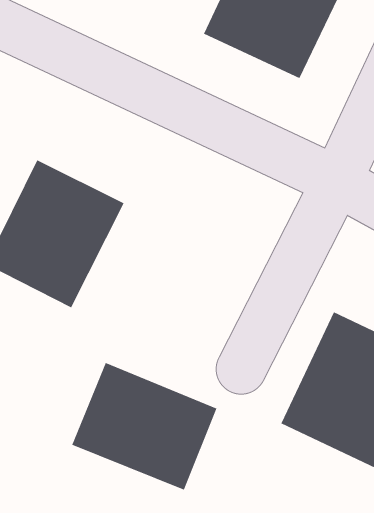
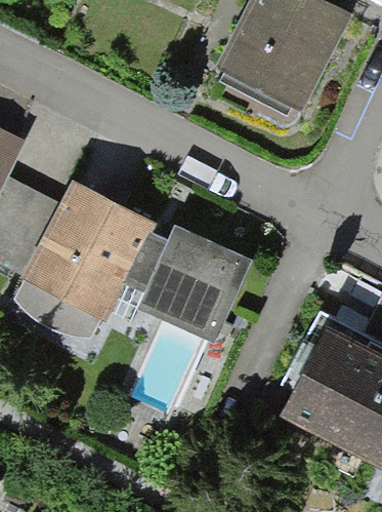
building: none -> [143,231,249,340]
building: [71,362,217,491] -> none

